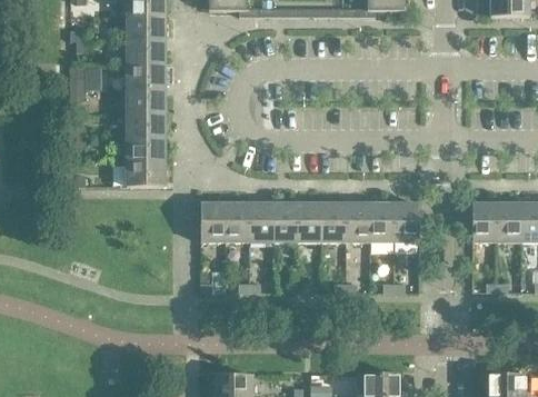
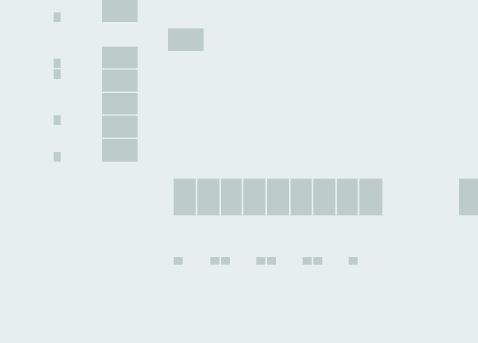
building: [126,41,165,66] -> [167,28,205,52]
building: [471,202,496,241] -> none

